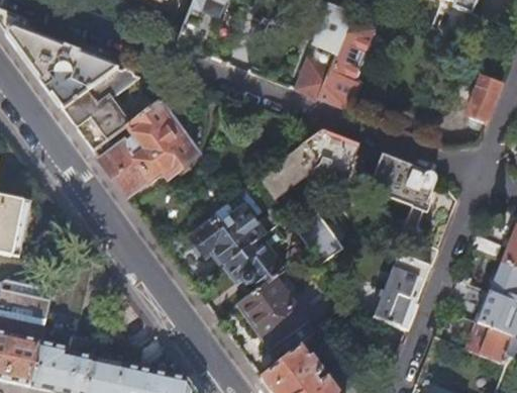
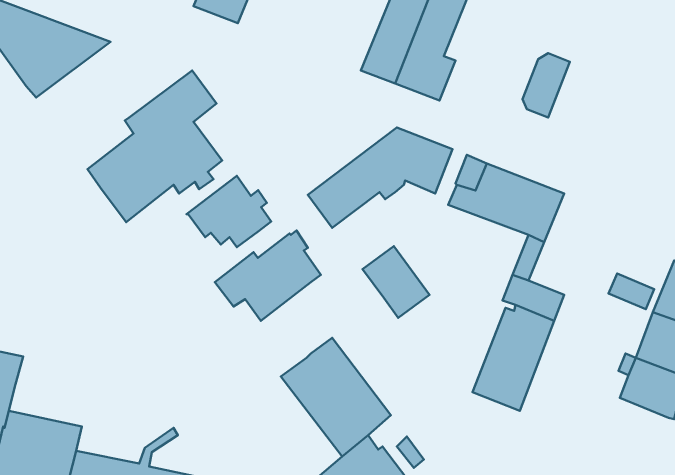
building: [65,69,139,150] -> none
building: [468,78,501,123] -> [523,53,570,118]
building: [223,238,283,289] -> [187,176,271,247]
building: [466,320,511,362] -> none

